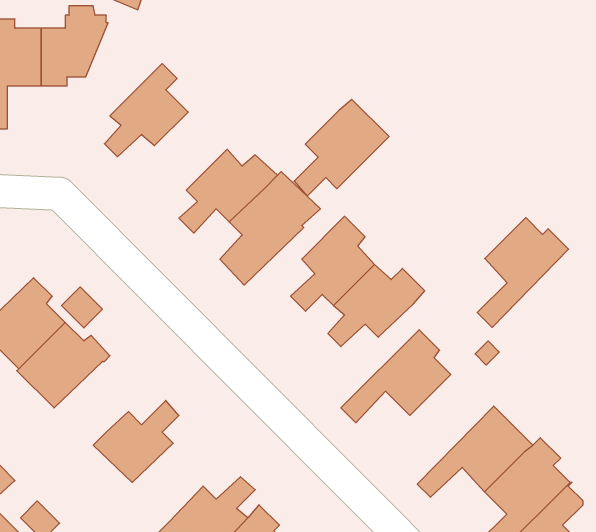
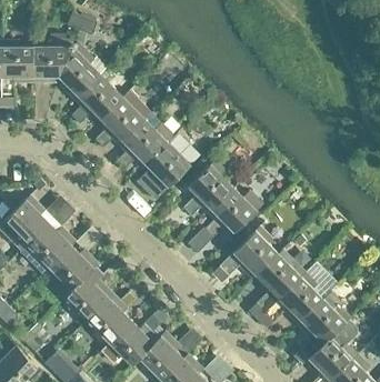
building: none -> [61,42,107,99]
building: [294,99,389,196] -> [96,90,152,148]
building: [477,218,569,327] -> [250,253,304,319]
building: none -> [42,245,98,295]
building: none -> [89,290,138,341]

